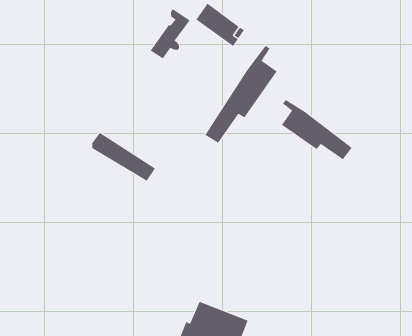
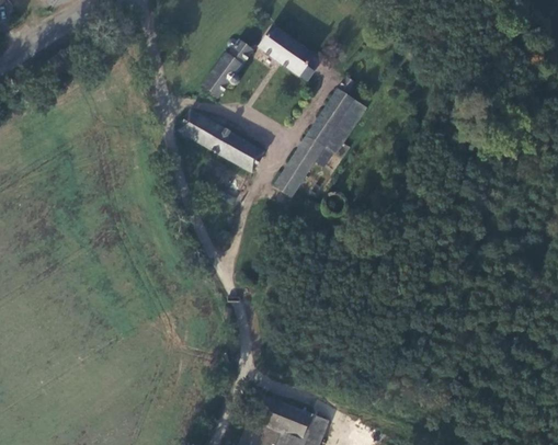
building: [281,99,353,160] -> none
building: [92,132,156,182] -> [181,110,261,171]

